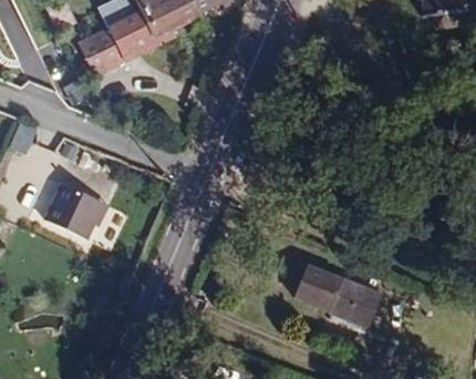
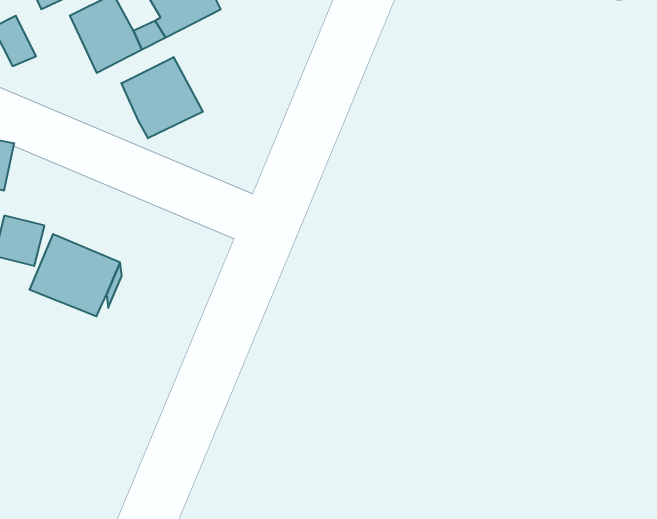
building: none -> [121,57,203,138]
building: [294,267,381,330] -> none

